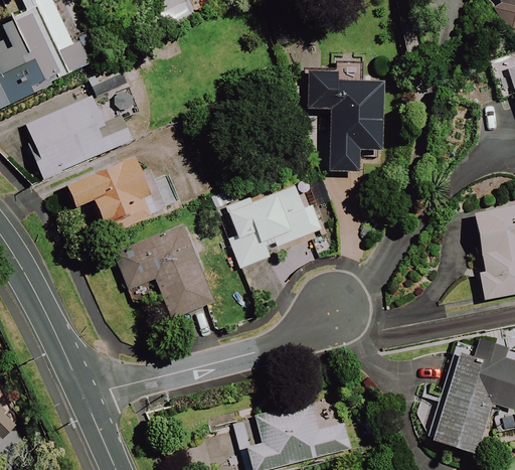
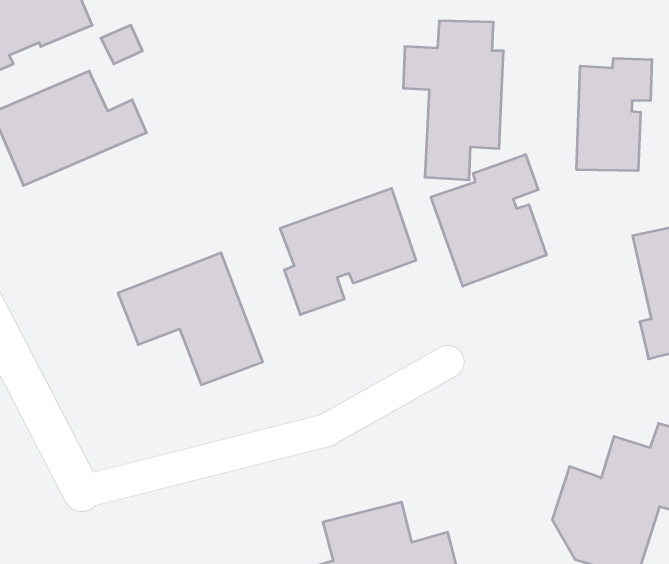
building: none -> [577,58,652,171]
building: none -> [431,154,546,286]
building: [65,156,167,234] -> none

